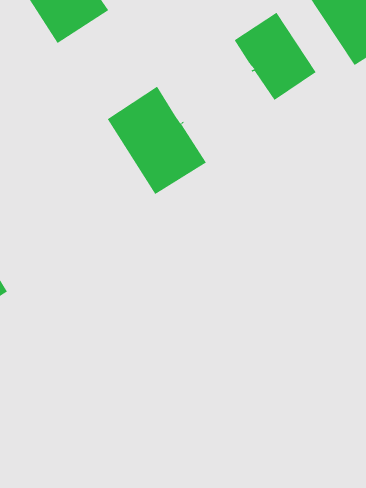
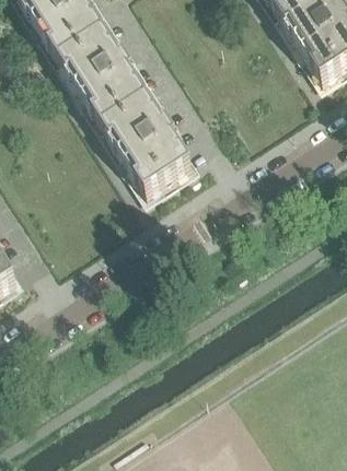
building: none -> [62,38,151,134]
building: [234,12,316,101] -> none

